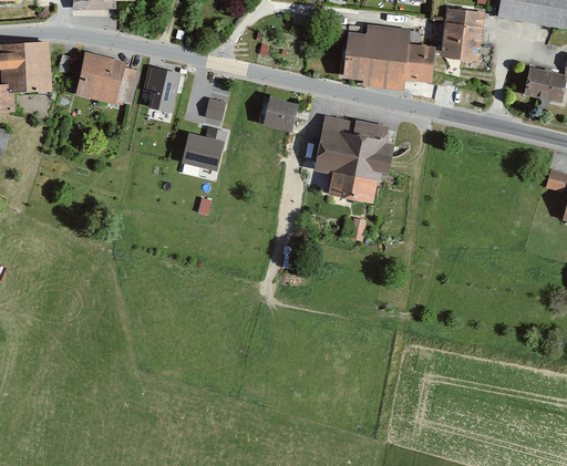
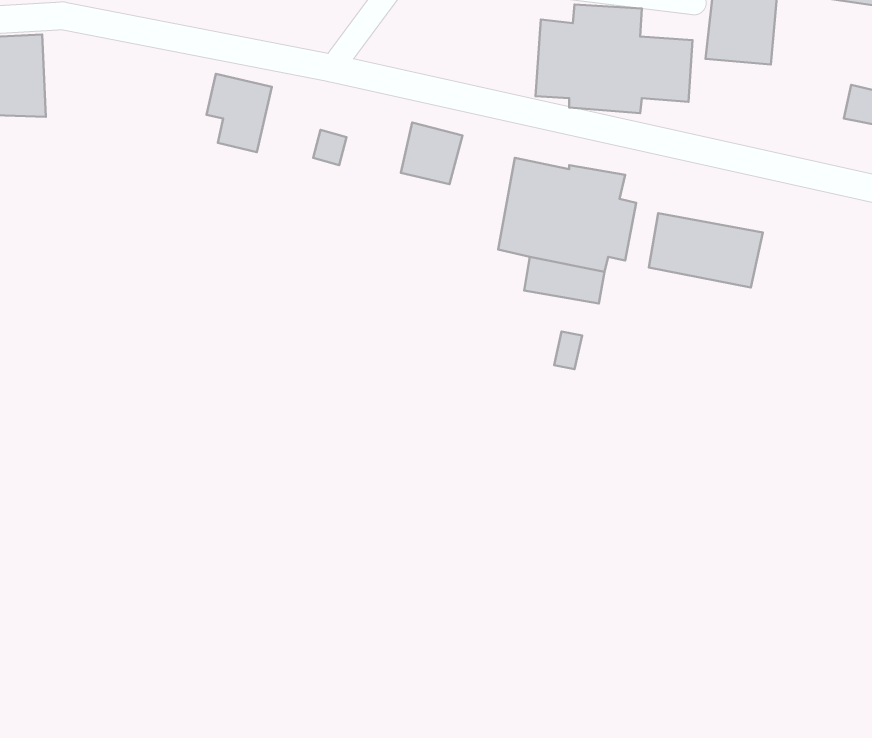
building: [73,54,136,105] -> none
building: [184,126,229,170] -> none
building: none -> [649,213,763,288]

